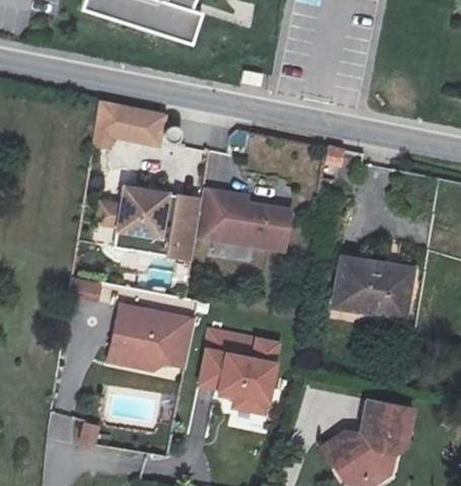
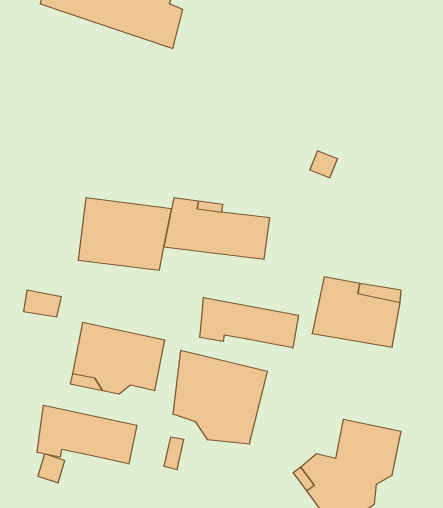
building: [96,105,168,147] -> none
building: none -> [200,297,298,348]
building: none -> [37,405,137,464]

